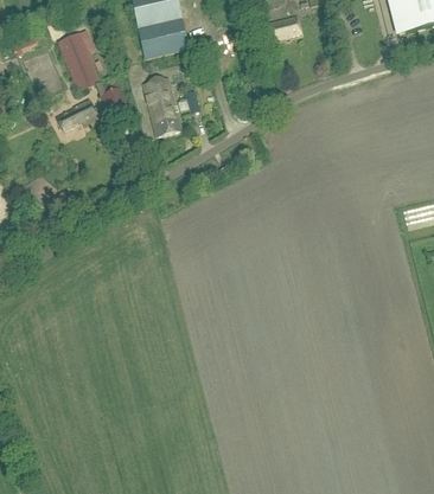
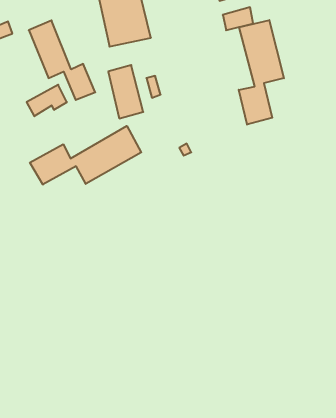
building: none -> [239,20,284,125]
building: none -> [30,126,141,185]

